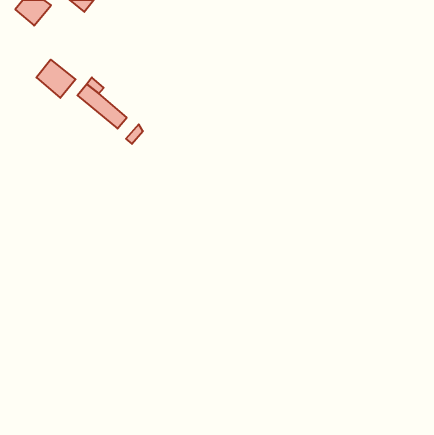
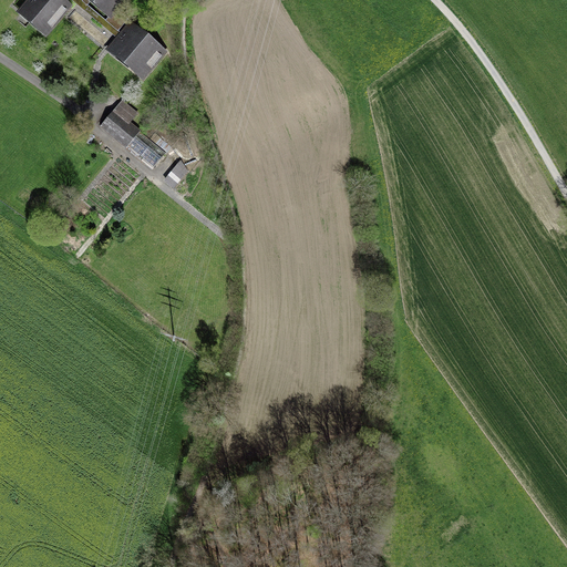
building: [36,60,76,98] -> [110,27,161,76]

